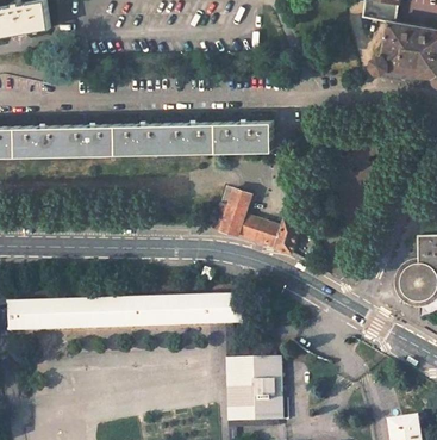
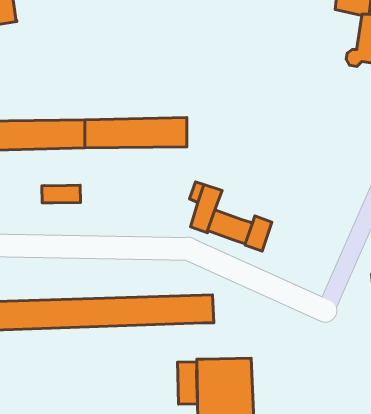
building: [216,122,271,151] -> none
building: none -> [42,185,80,203]
building: none -> [178,362,197,404]

